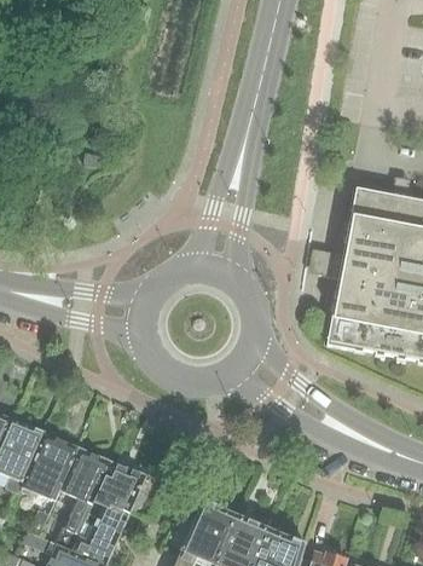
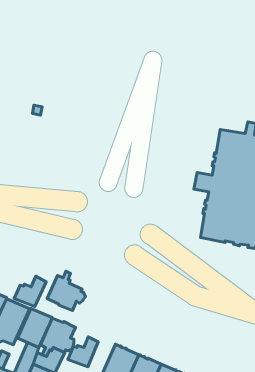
building: none -> [47,271,86,311]
building: none -> [14,276,46,306]
building: none -> [68,337,98,367]

